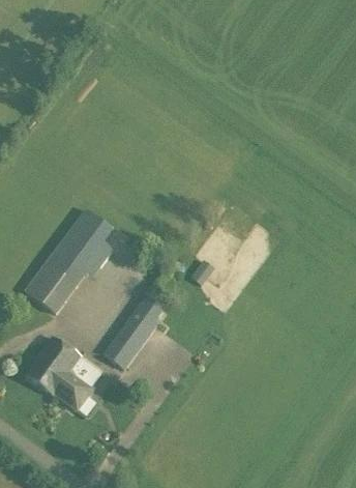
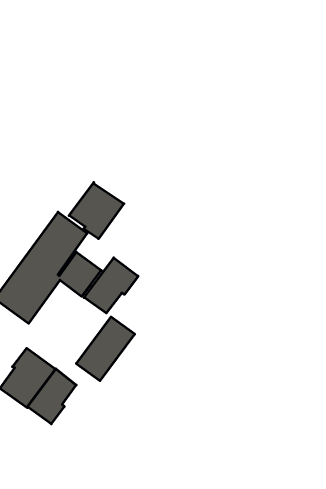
building: none -> [69,182,124,239]
building: none -> [84,258,138,313]

